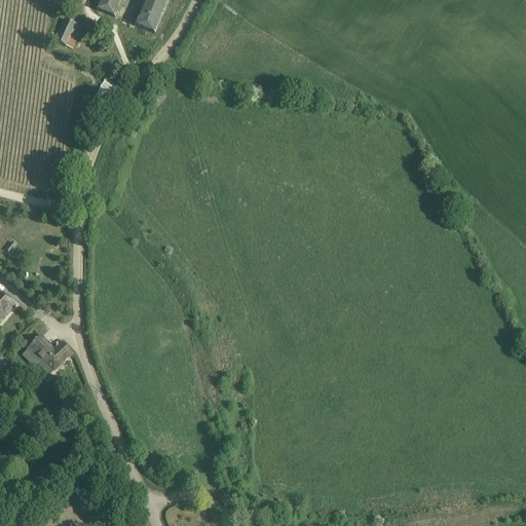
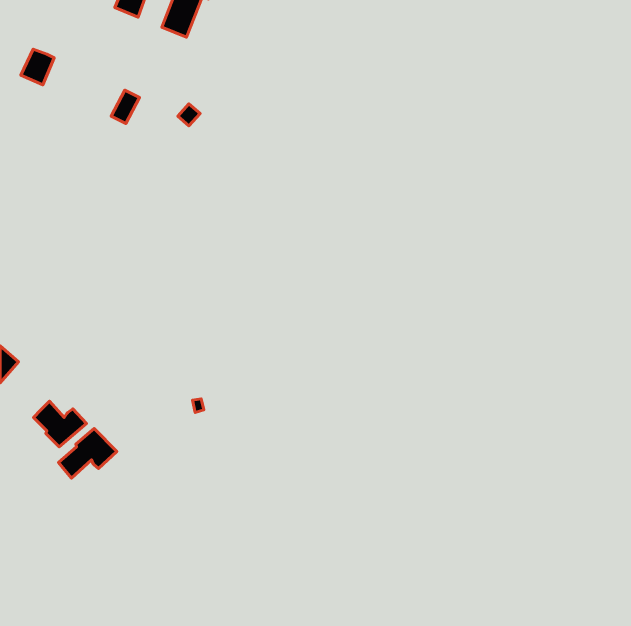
building: [54,16,82,46] -> [21,49,54,85]
building: none -> [58,429,117,478]

